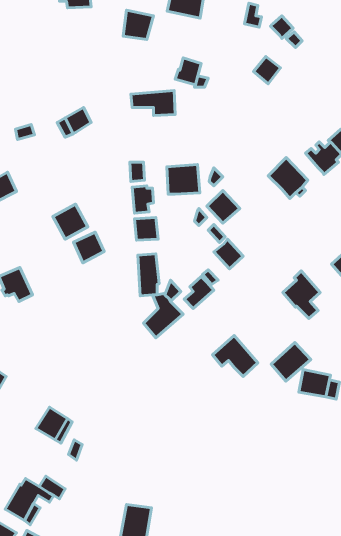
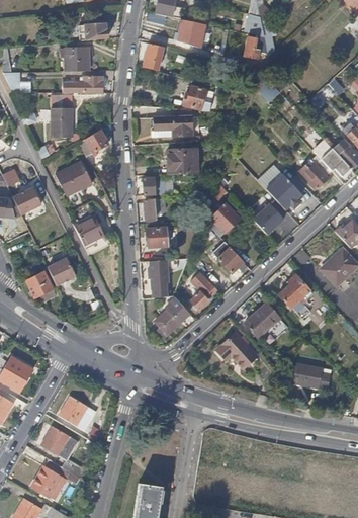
building: none -> [62,47,89,71]
building: none -> [63,76,102,91]
building: none -> [55,107,76,135]
building: none -> [54,160,90,197]
building: [167,165,200,194] -> [168,147,197,173]
building: none -> [253,203,283,234]
building: [74,232,104,263] -> [49,259,76,286]
building: [271,342,311,381] -> [245,303,280,337]
building: none -> [42,425,70,455]

